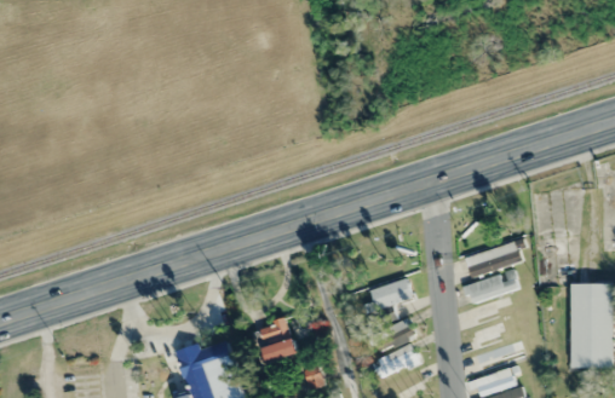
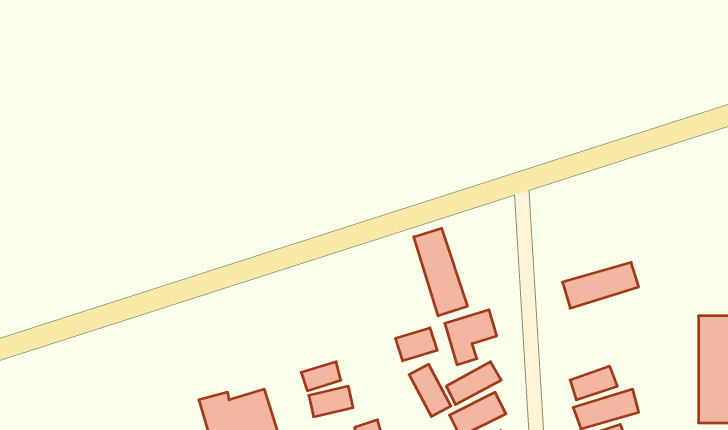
building: none -> [414,228,467,316]
building: [465,269,519,305] -> none
building: none -> [396,328,437,361]
building: none -> [409,364,451,417]

